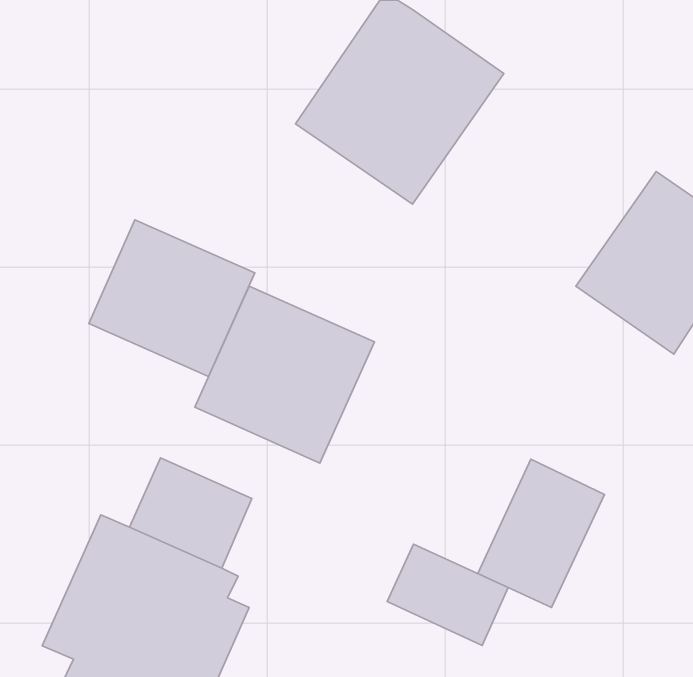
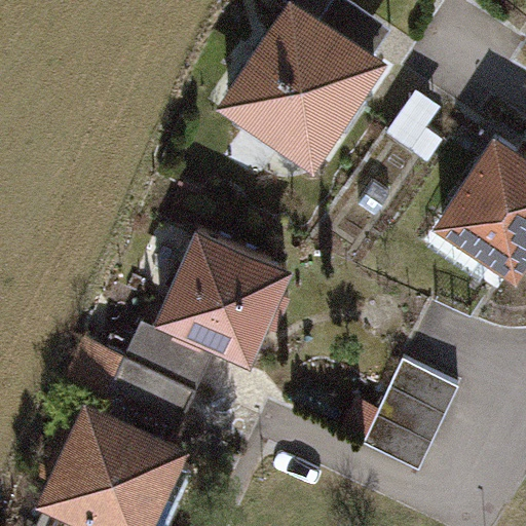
building: [89,220,255,377] -> none
building: [387,544,508,646] -> none

